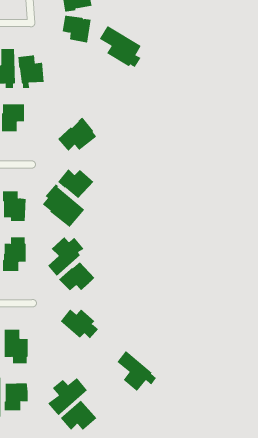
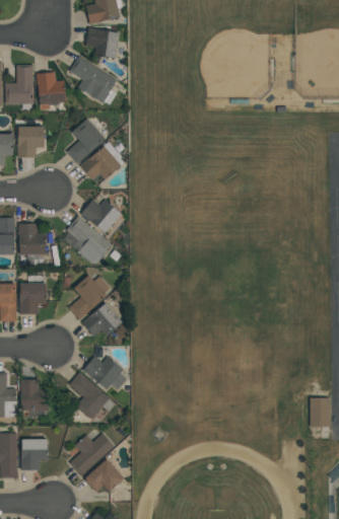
building: [99,25,141,68] -> [69,57,117,104]
building: none -> [66,119,106,164]
building: [116,350,157,392] -> [69,372,115,419]

